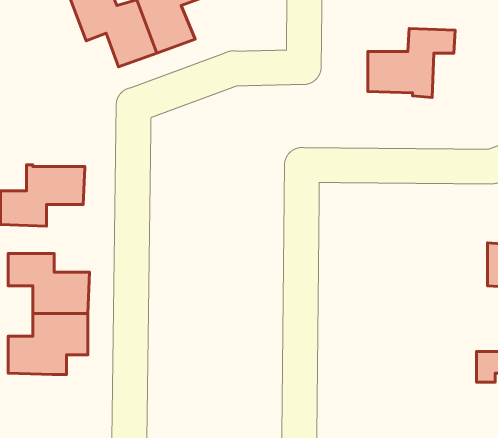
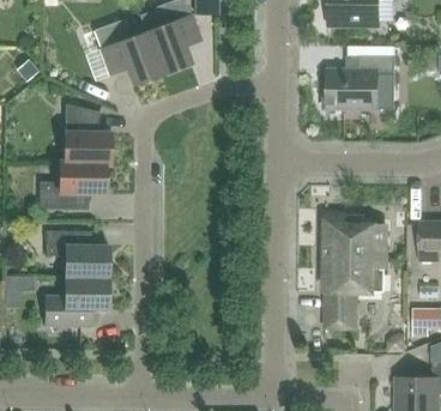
building: none -> [65,104,110,164]
building: none -> [325,213,386,328]

